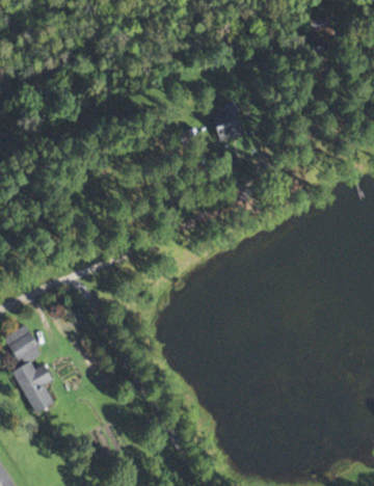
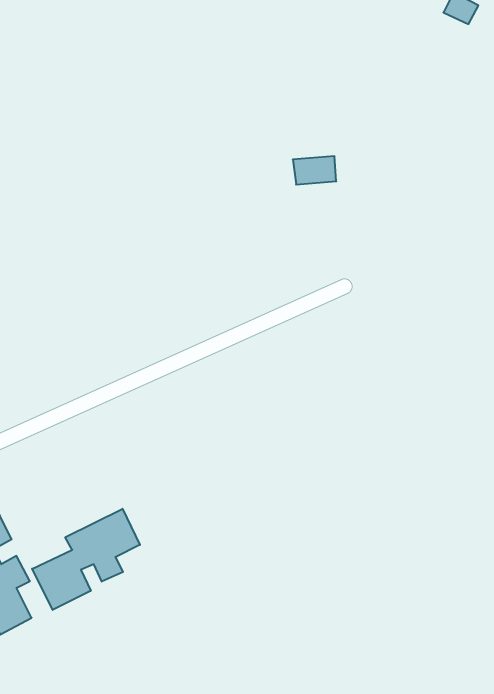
building: none -> [32,509,140,610]

